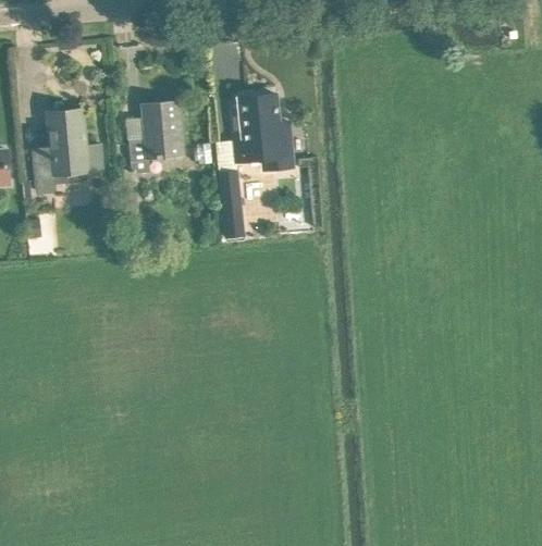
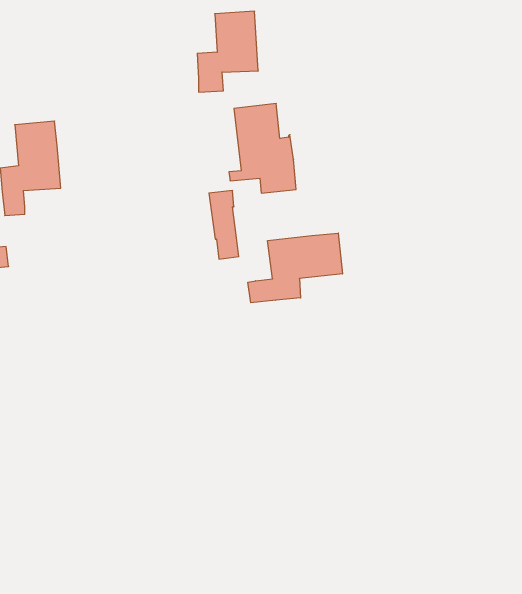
building: [128,100,182,171] -> [197,11,258,92]
building: none -> [248,233,342,303]

